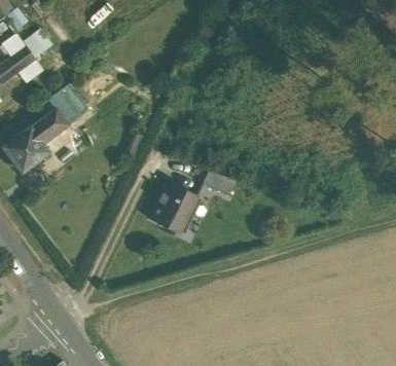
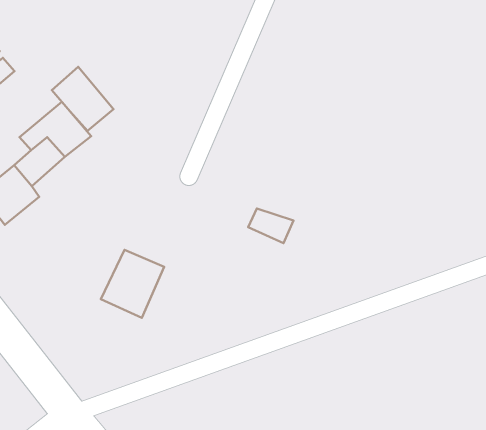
building: none -> [52,67,113,131]
building: [148,183,196,234] -> [101,250,164,318]

